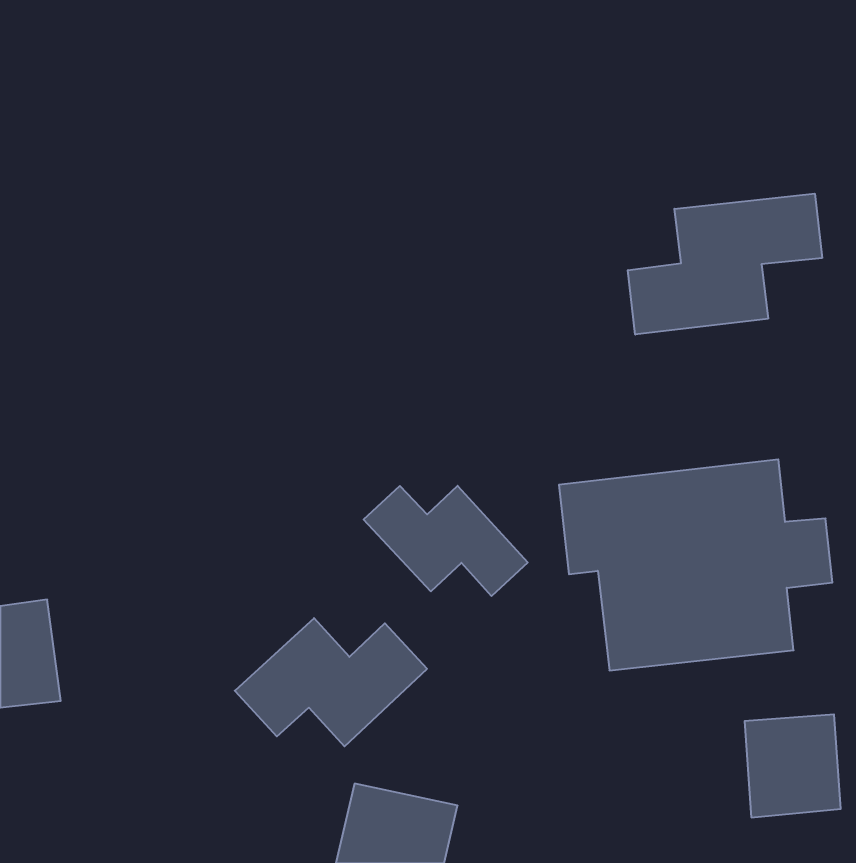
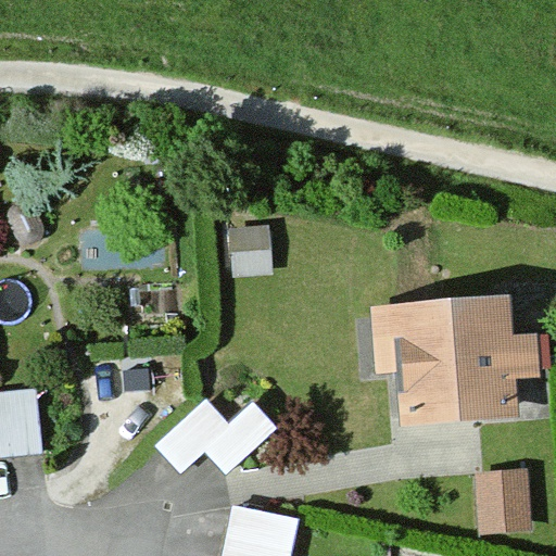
building: [628,194,822,335] -> none
building: [364,486,528,596] -> none

